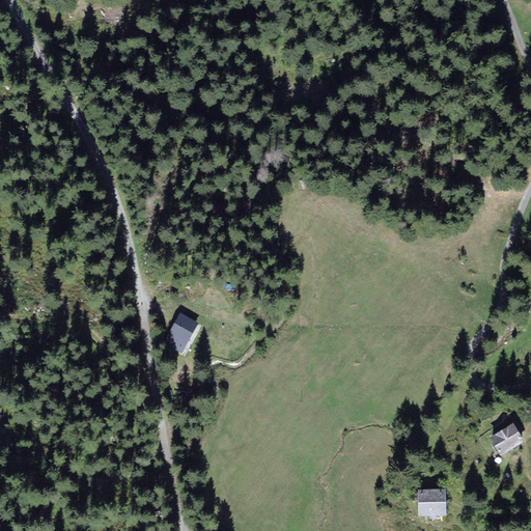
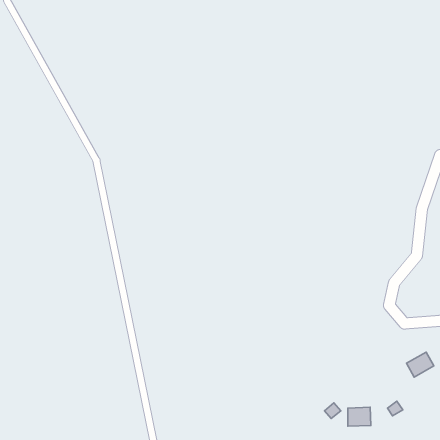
building: [166,315,195,351] -> none

